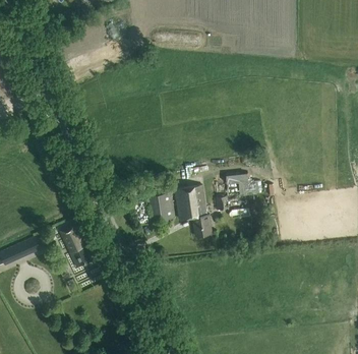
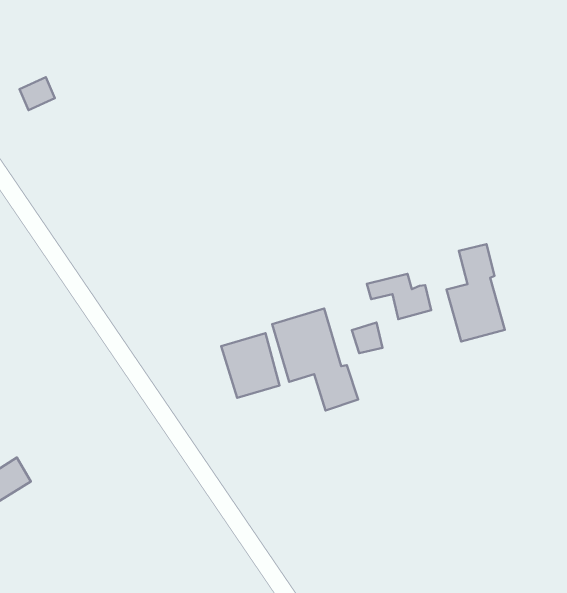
building: none -> [447,244,505,341]
building: [59,224,90,267] -> none

